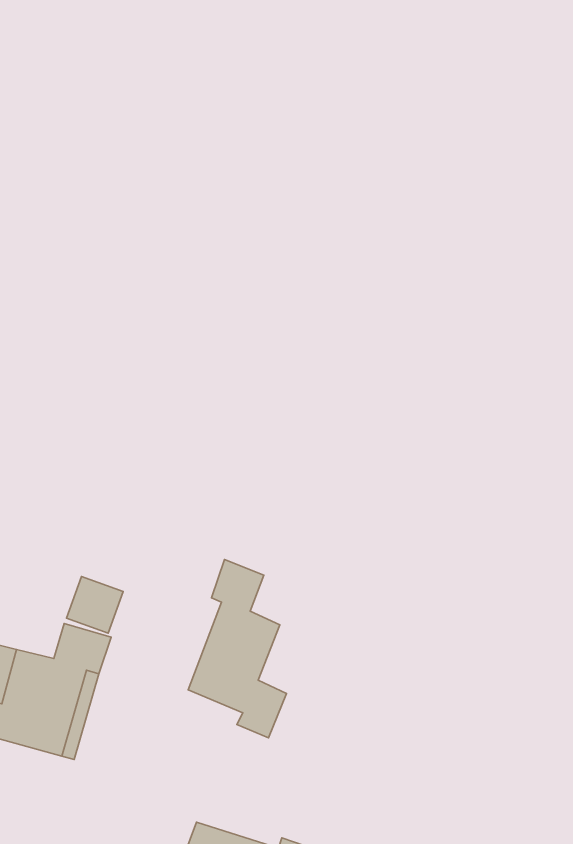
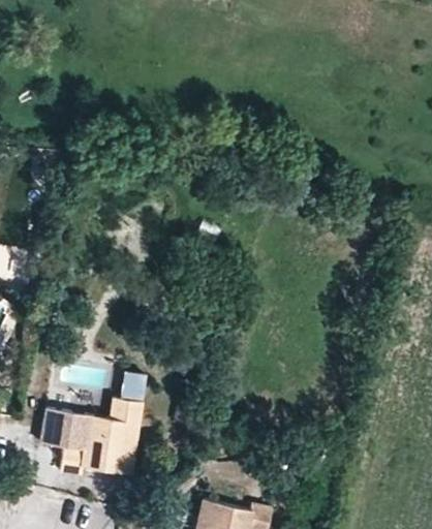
building: [188,559,286,738] -> none

